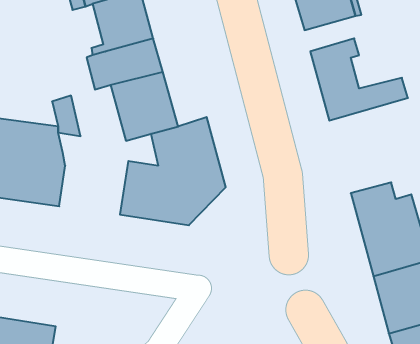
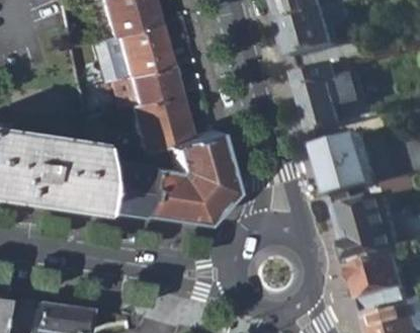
building: none -> [321,138,379,197]
building: none -> [87,163,146,216]

